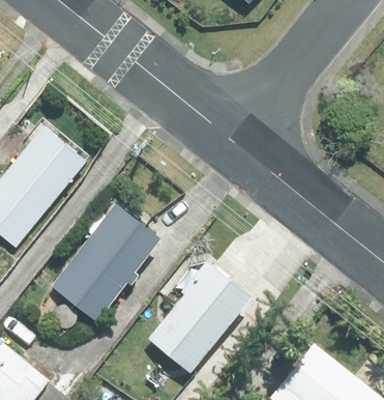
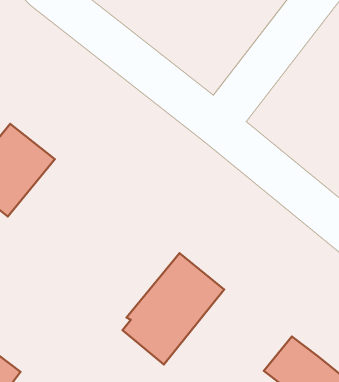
building: [51,206,157,320] -> none

